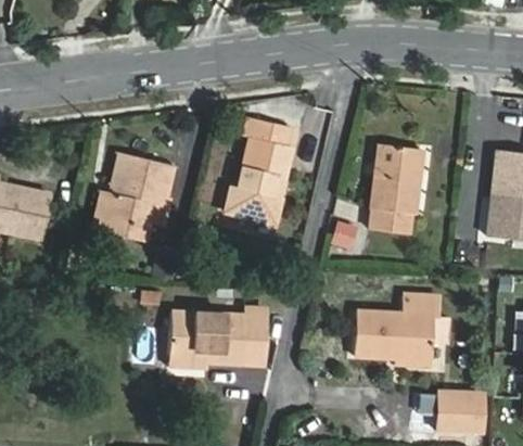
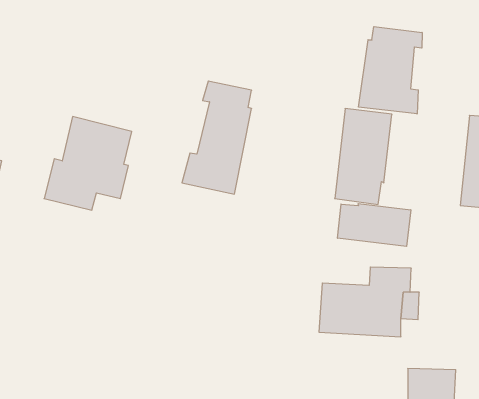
building: none -> [359,27,422,114]
building: none -> [338,204,411,246]
building: [169,306,267,367] -> none

